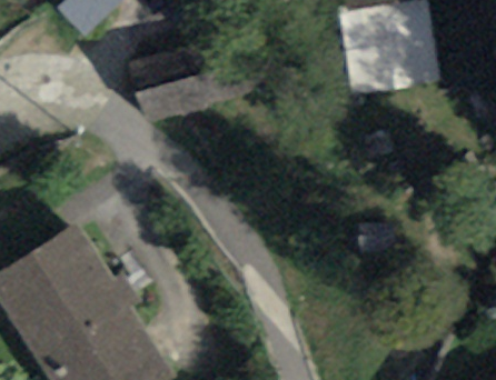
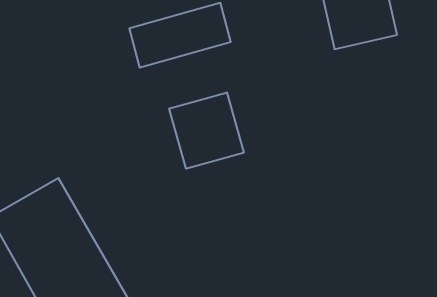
building: none -> [169,92,244,169]

